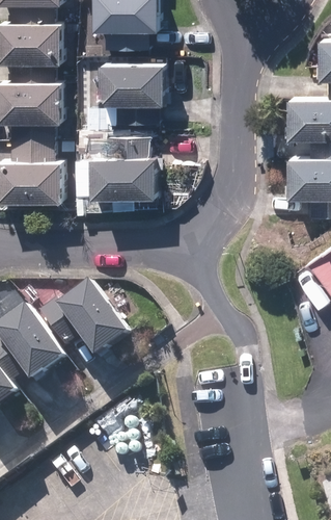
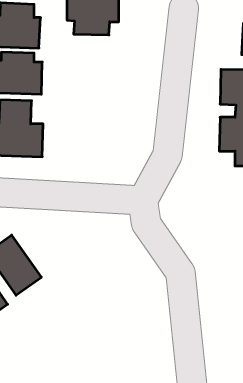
building: [100,68,166,128] -> none
building: [72,145,156,201] -> none
building: [39,283,127,357] -> none

